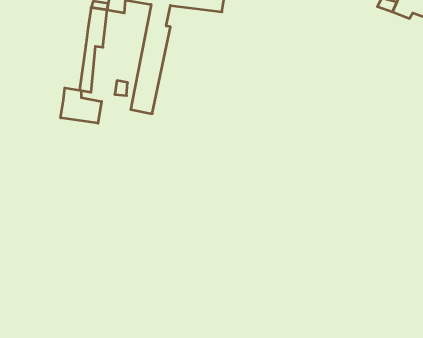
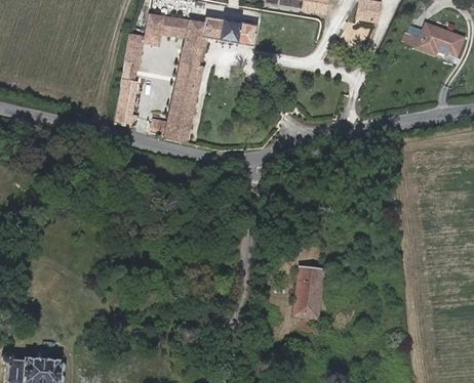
building: [61,88,102,123] -> none
building: none -> [293,275,324,329]

